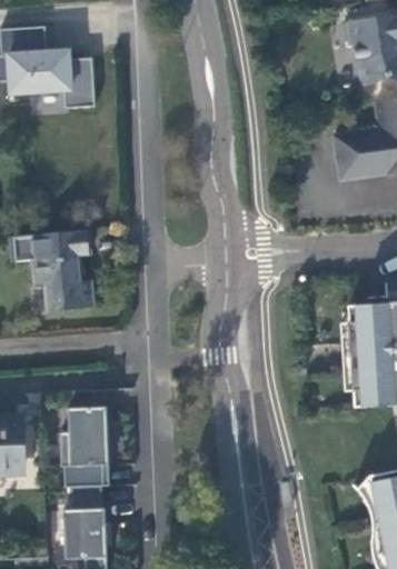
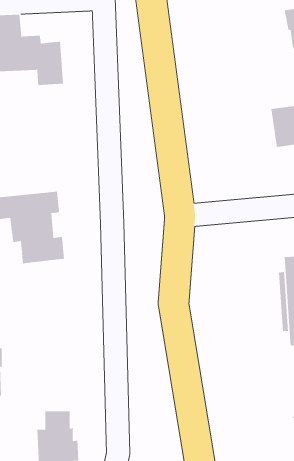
building: [61,403,109,482] -> none

